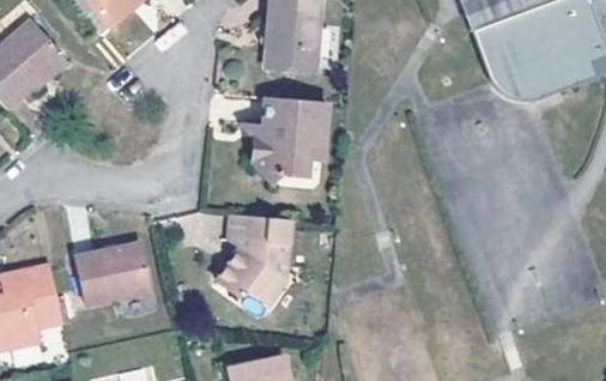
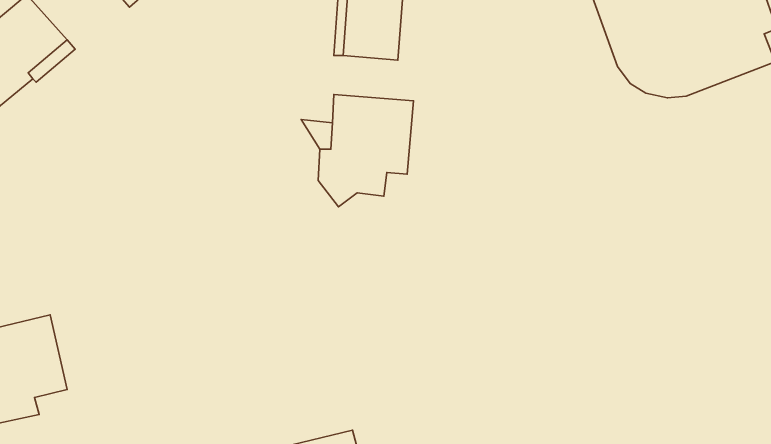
building: [216,213,293,306] -> none
building: [77,240,151,303] -> none

